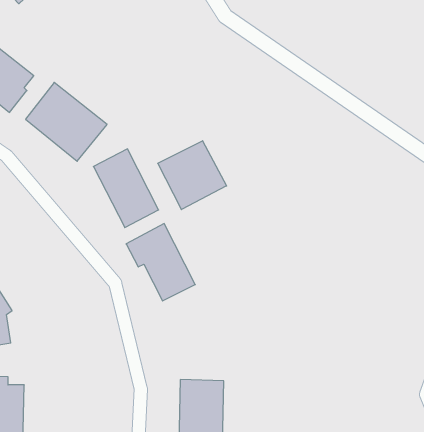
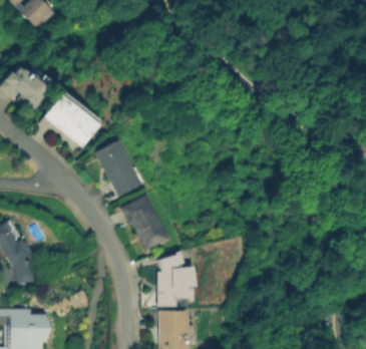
building: [158,141,227,210] -> none
building: none -> [157,251,200,306]

